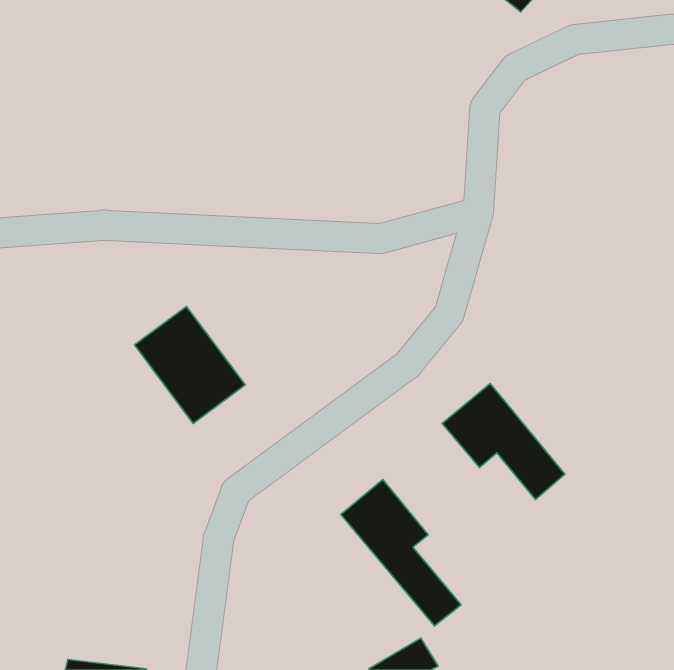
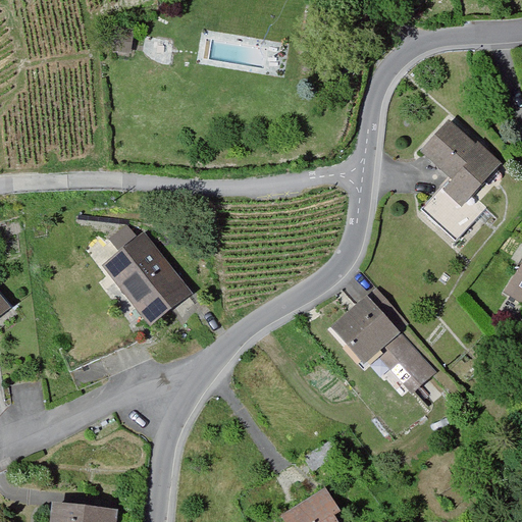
building: none -> [422,123,493,243]
building: [341,479,461,626] -> none

